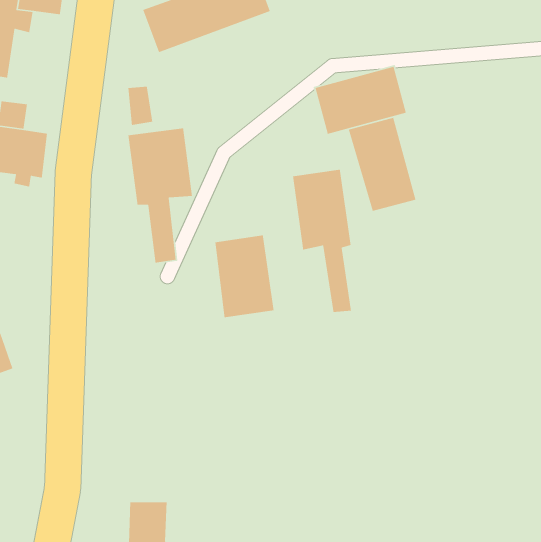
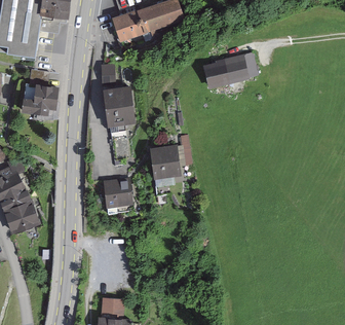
building: [348,117,417,212] -> none
building: [292,169,352,313] -> none
building: none -> [103,177,135,217]

